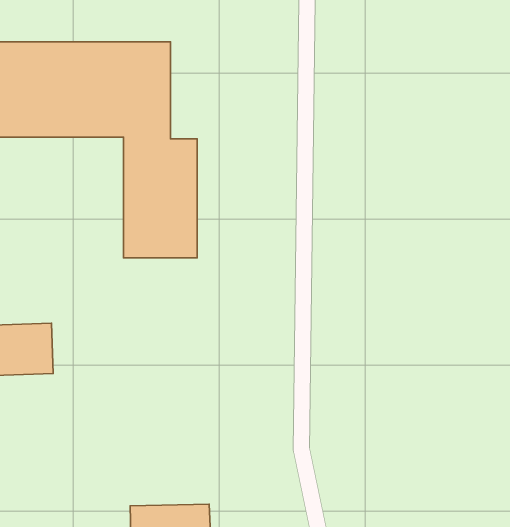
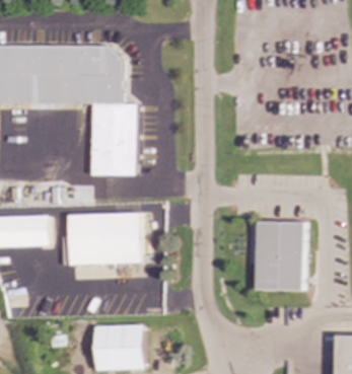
building: none -> [69,214,141,266]
building: none -> [257,222,304,291]

